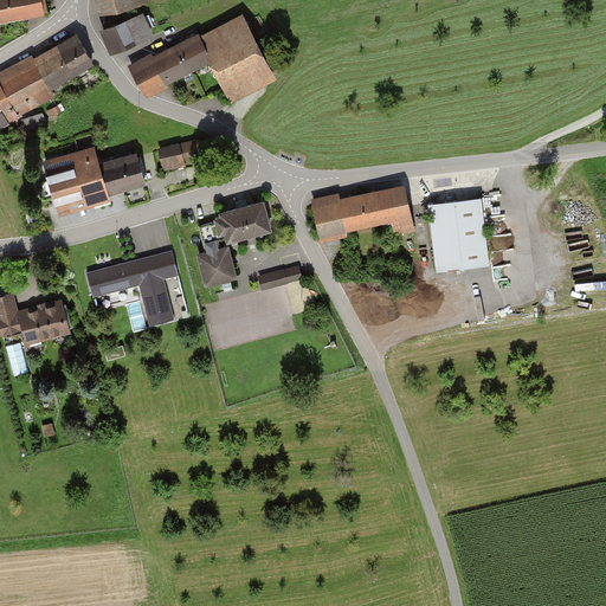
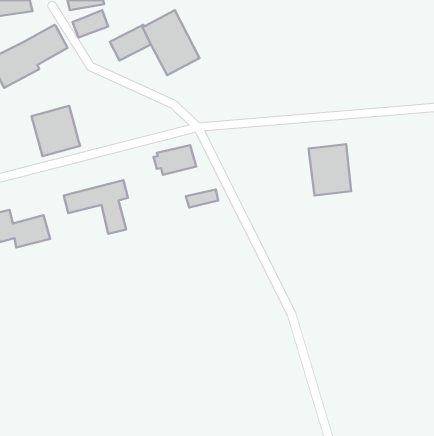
building: [127,54,166,97] -> none
building: [159,142,200,169] -> none
building: [101,153,147,195] -> none
building: [310,186,414,243] -> none
building: [196,239,237,285] -> none

